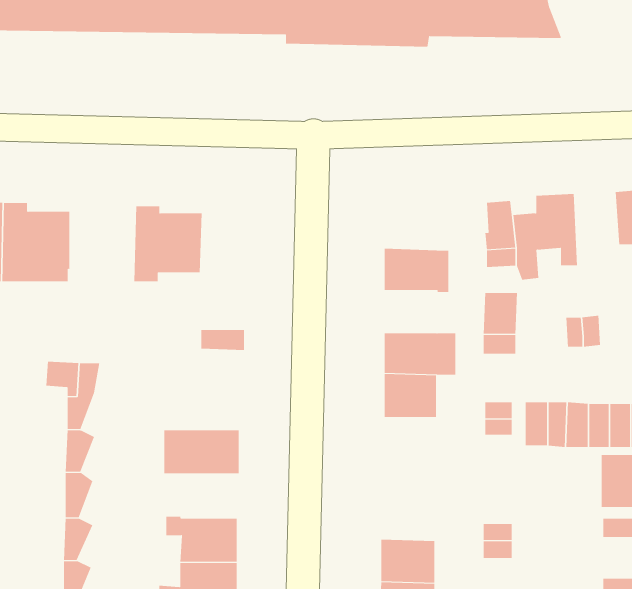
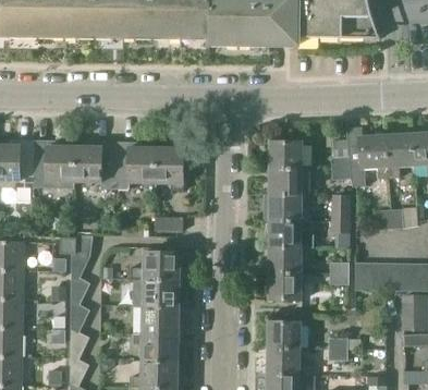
building: none -> [386,133,413,179]
building: none -> [74,141,114,188]
building: none -> [268,142,301,169]
building: none -> [155,146,183,190]
building: none -> [262,194,301,220]
building: none -> [129,248,180,280]
building: none -> [267,272,301,300]
building: none -> [143,307,179,334]
building: none -> [266,321,299,349]

